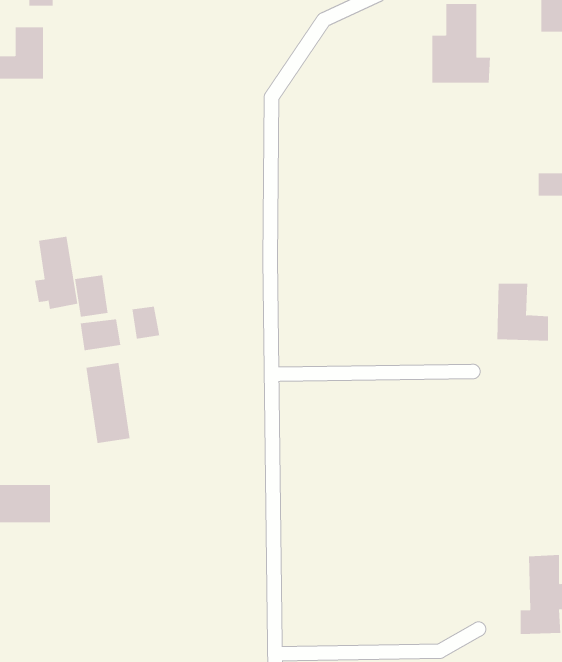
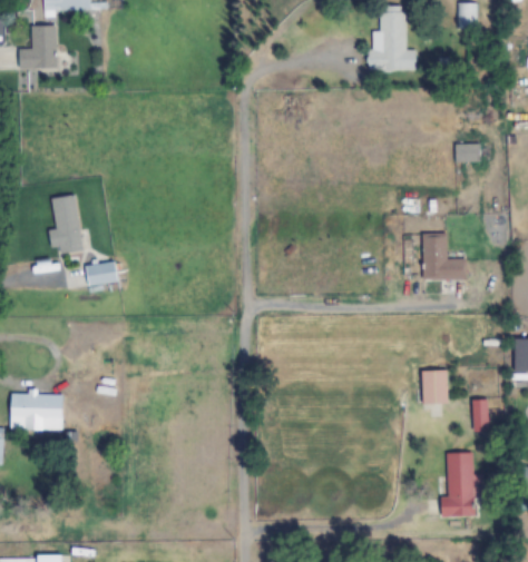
building: [75,274,108,317] -> none
building: [132,306,160,339] -> none
building: [86,362,130,444] -> none
building: none -> [422,371,449,405]

